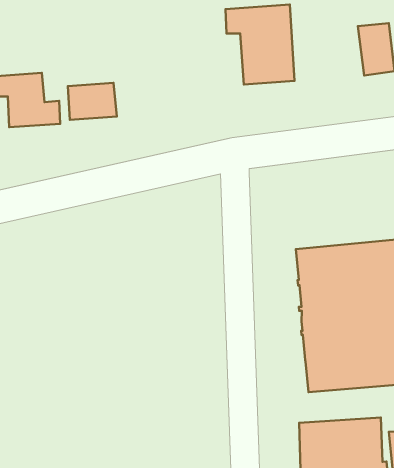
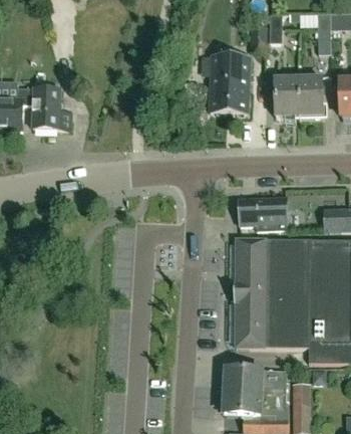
building: none -> [275,77,300,118]
building: [68,83,117,120] -> none
building: none -> [239,197,287,229]

